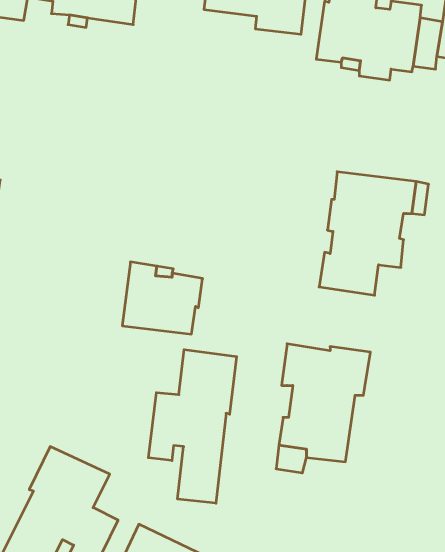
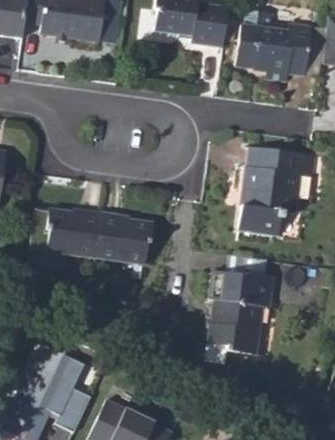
building: none -> [45,210,100,258]
building: [148,350,237,503] -> none

